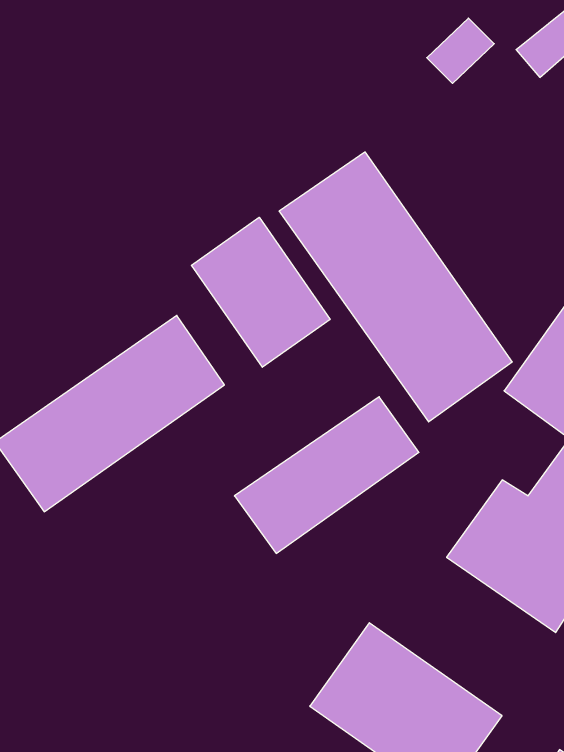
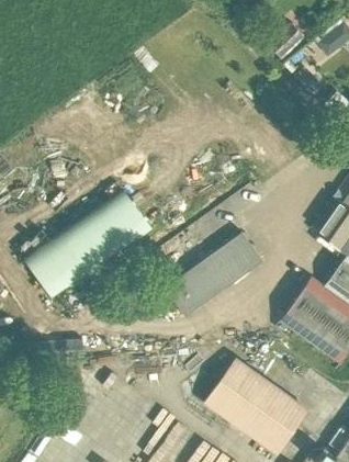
building: [279,152,512,422] -> none
building: [191,217,330,367] -> none

